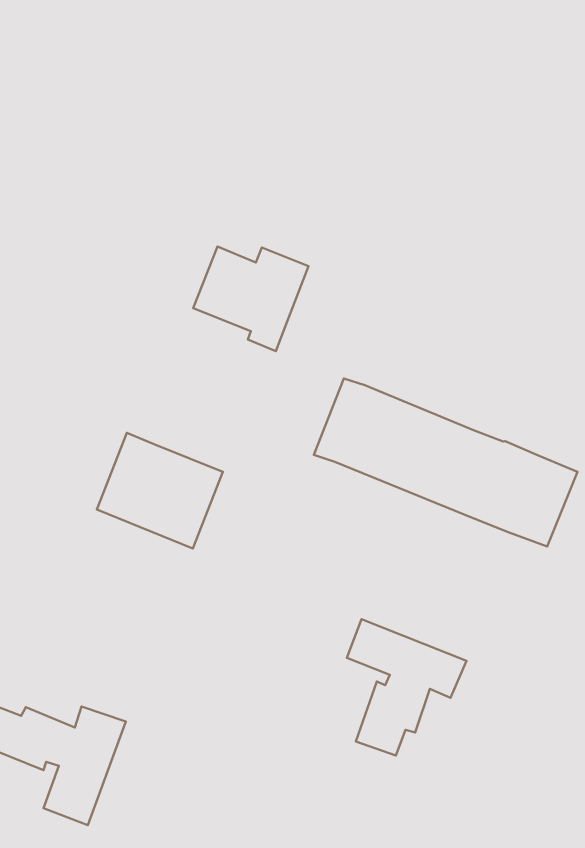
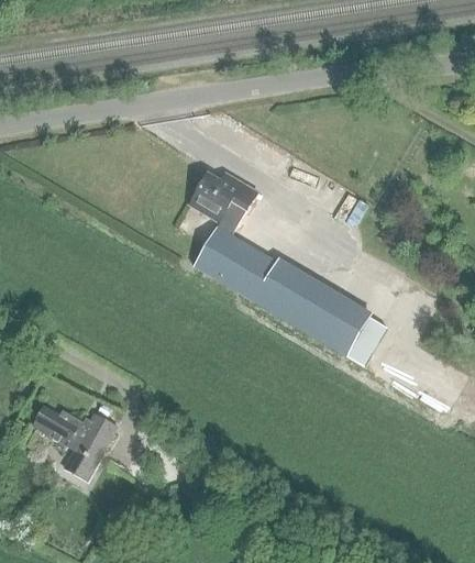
building: [97,433,223,548] -> [194,225,266,295]
building: [347,619,466,756] -> none

